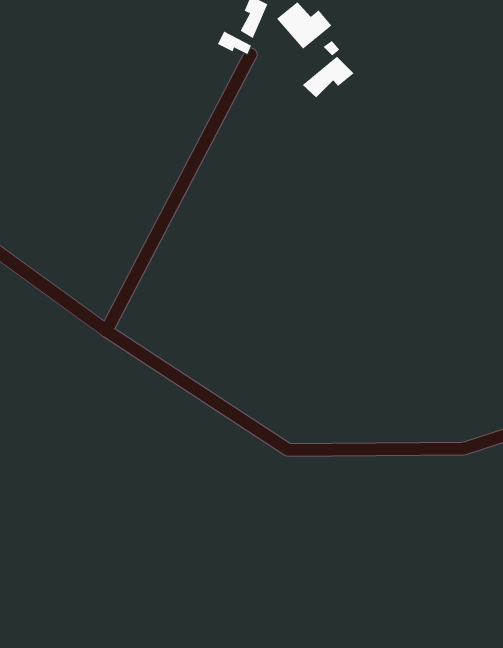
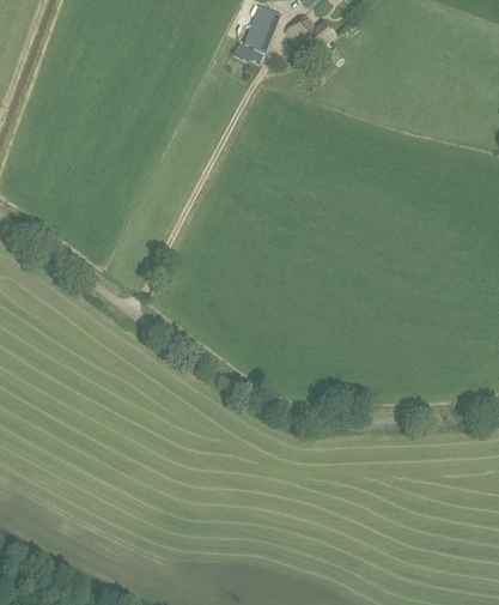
building: [302,56,354,98] -> none

